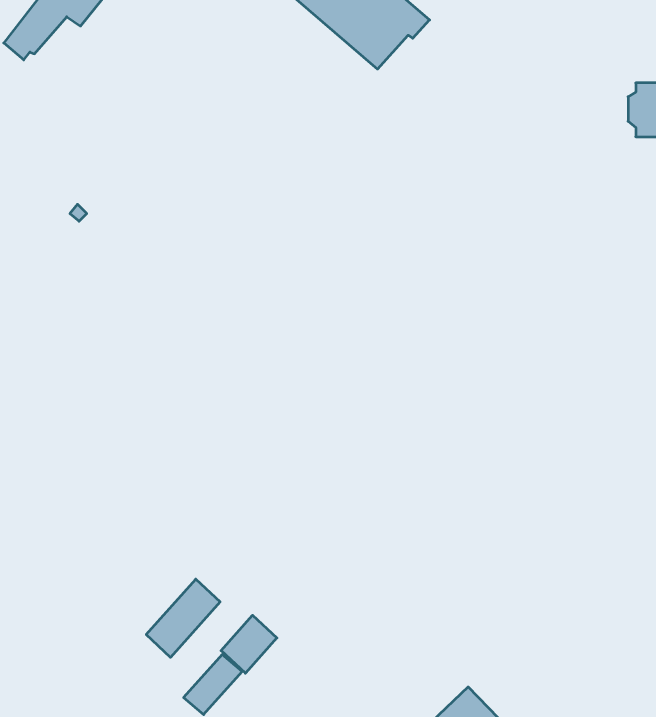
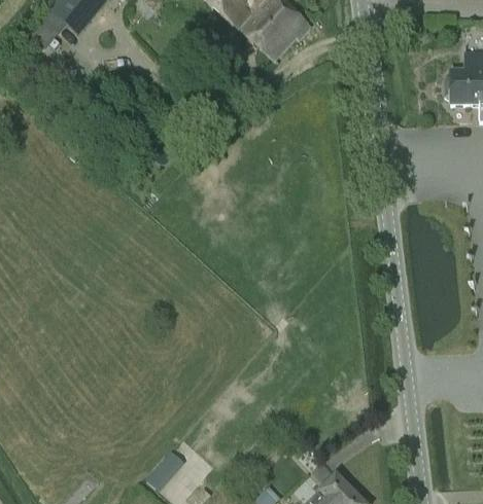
building: [146,579,220,657] -> none
building: [221,615,277,673] -> none

